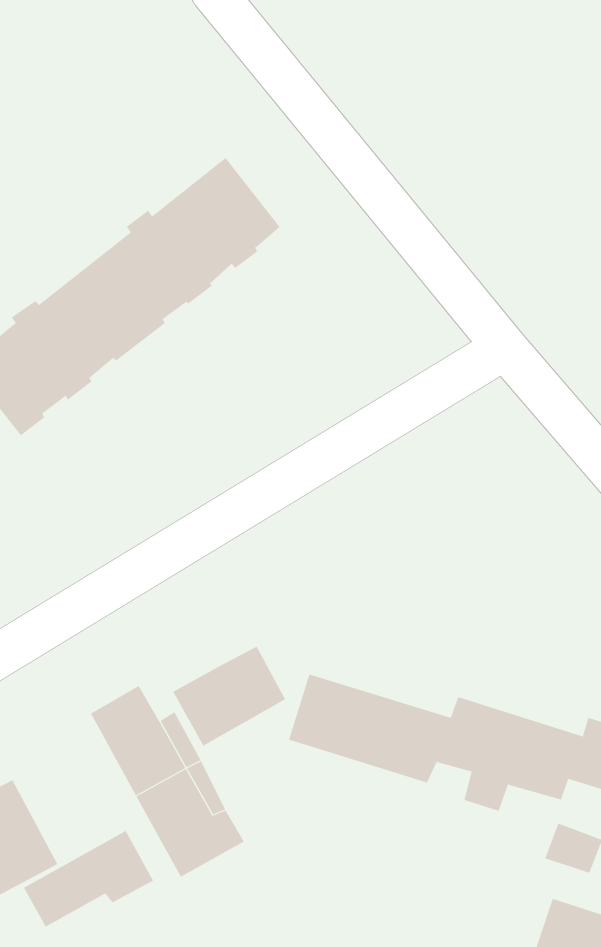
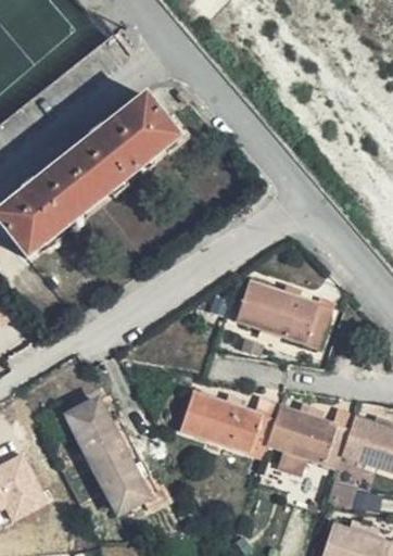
building: none -> [238,282,332,345]
building: [172,646,286,746] -> none
building: [23,830,154,927] -> none

